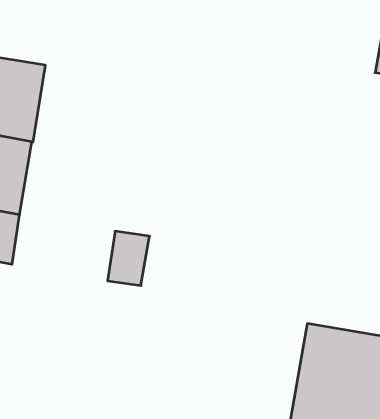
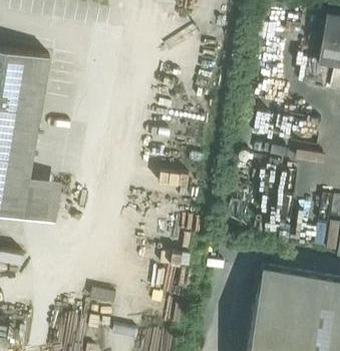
building: [108,231,150,286] -> [23,180,57,224]

